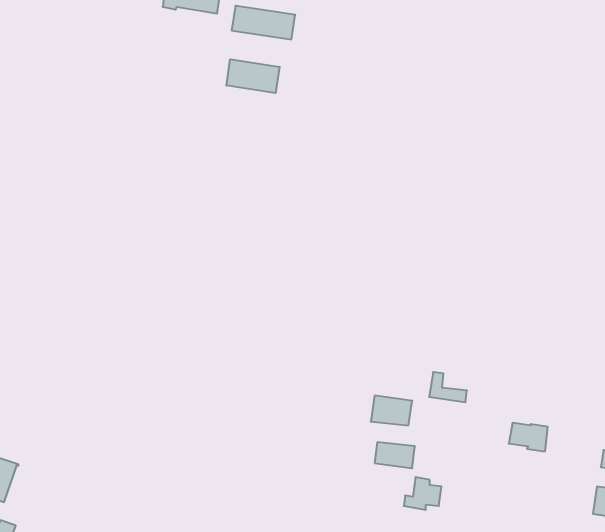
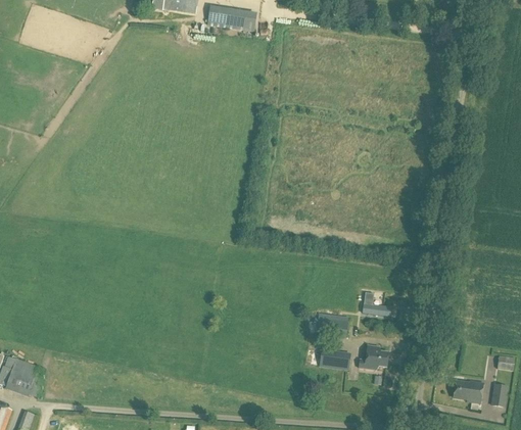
building: [226,59,280,93] -> none
building: [509,423,548,451] -> [453,379,483,401]
building: [404,477,441,510] -> [359,343,388,369]

